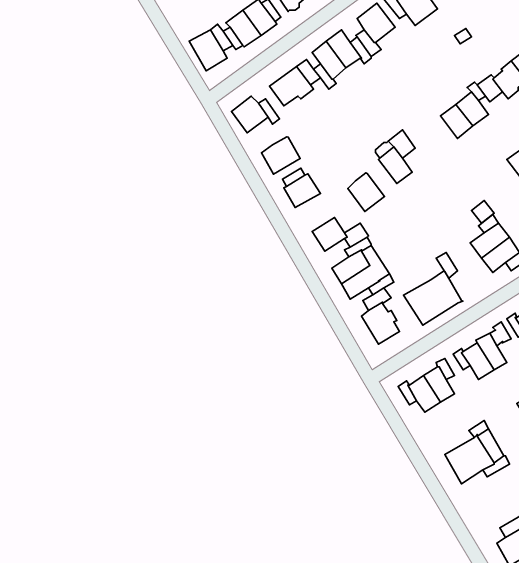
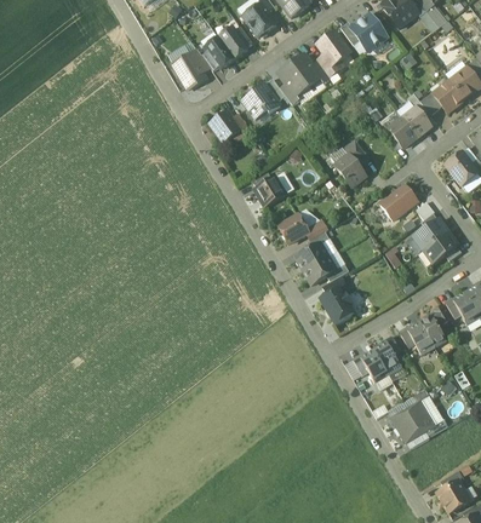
building: [262,137,300,174] -> none
building: [348,173,385,212] -> none
building: none -> [380,184,418,219]
building: [403,271,463,325] -> none

